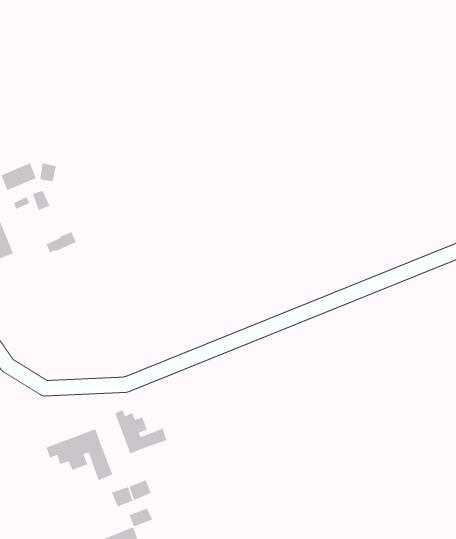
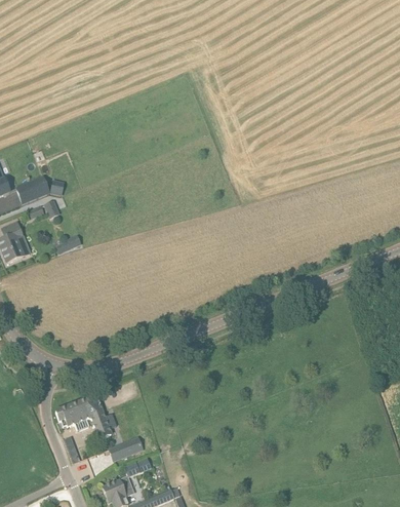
building: [114,409,167,454] -> none

